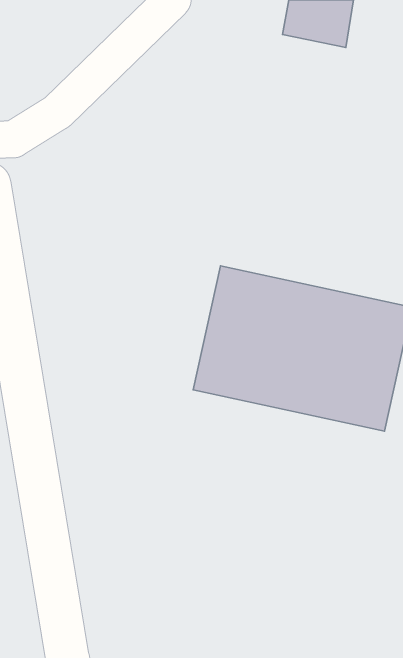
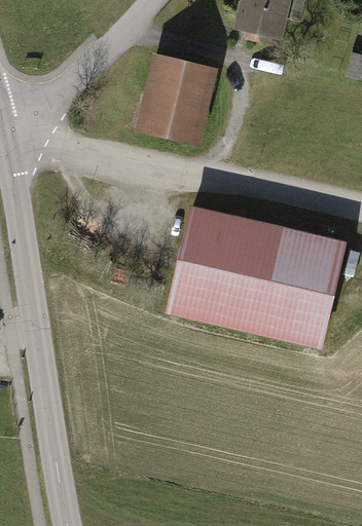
building: none -> [142,54,216,145]

